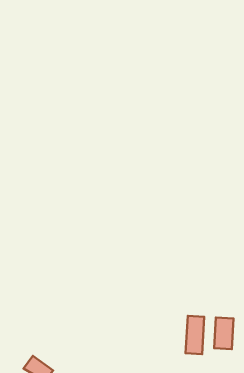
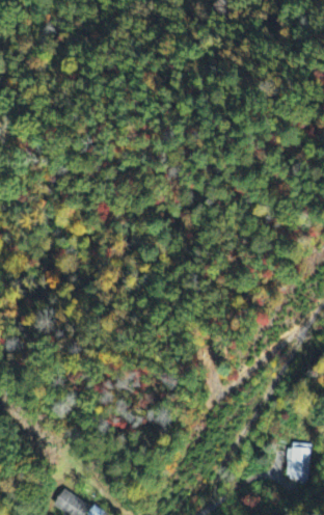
building: [186,316,204,354] -> none

